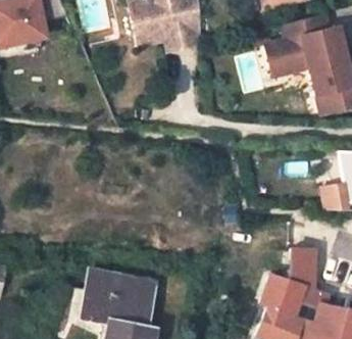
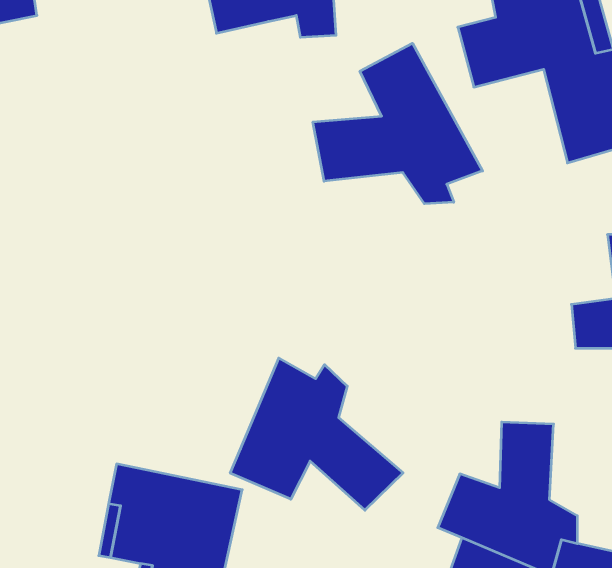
building: none -> [313,43,483,204]
building: none -> [230,358,403,510]

